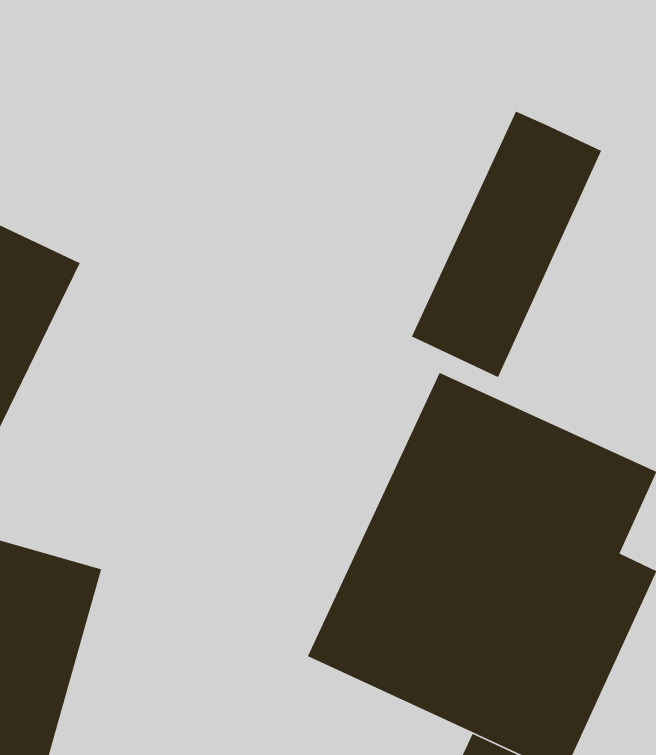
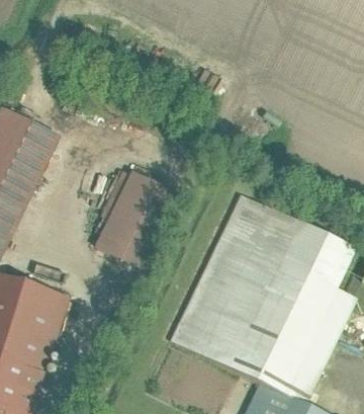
building: [411,110,602,378] -> none
building: none -> [95,171,171,264]

